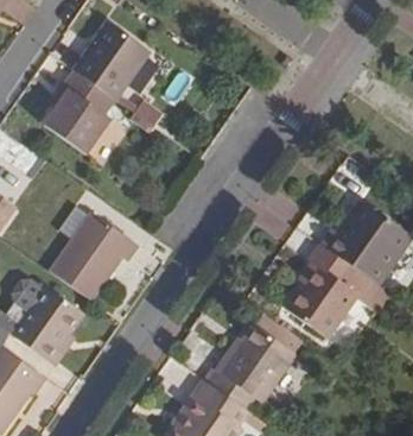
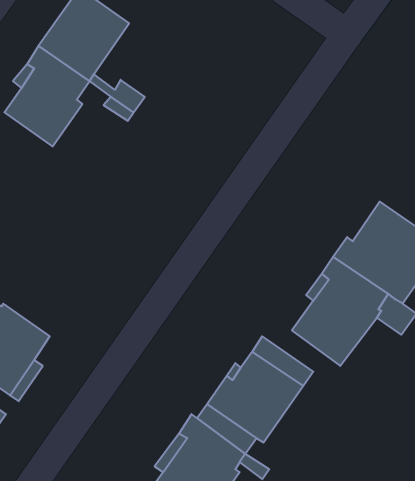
building: [49,206,138,301] -> none

